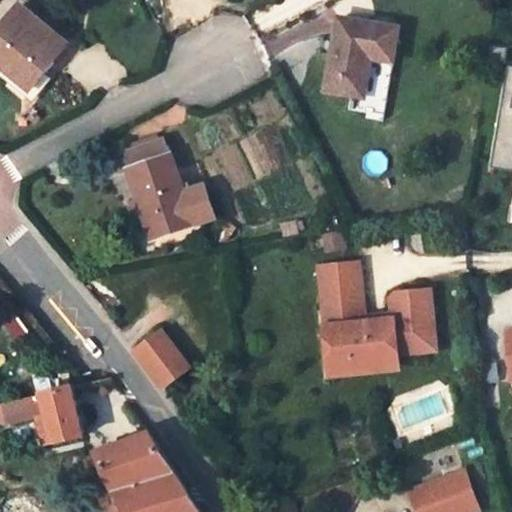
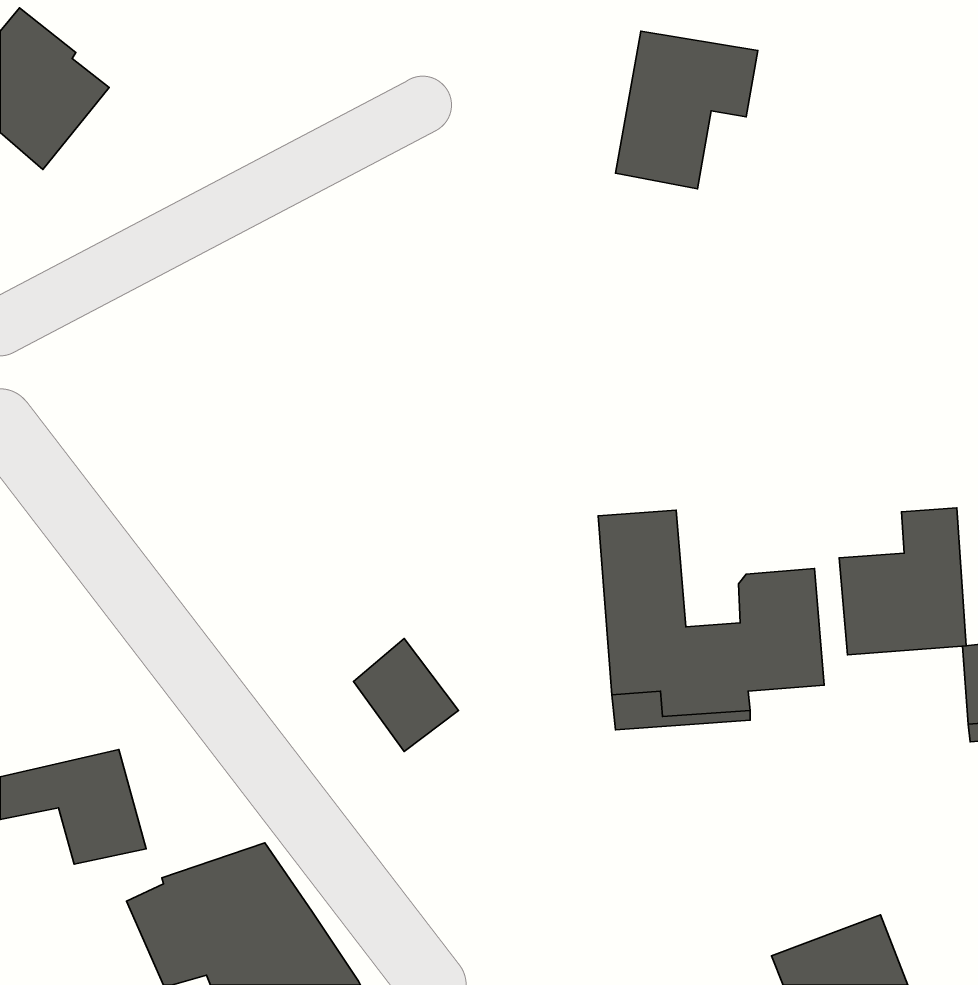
building: [125,138,217,241] -> none
building: none -> [839,508,966,655]
building: [131,329,185,387] -> [353,639,459,751]

